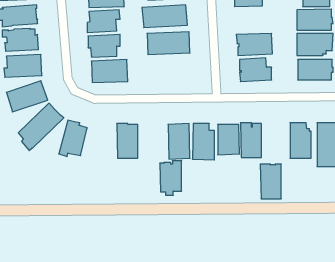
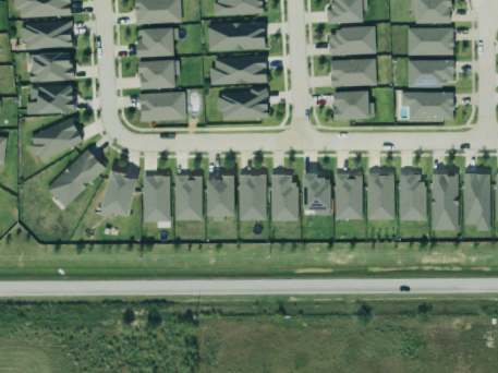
building: none -> [329,25,375,55]
building: none -> [217,86,268,119]
building: none -> [143,175,170,221]
building: [160,161,182,195] -> [206,176,234,220]
building: [260,164,281,199] -> [366,173,393,218]

